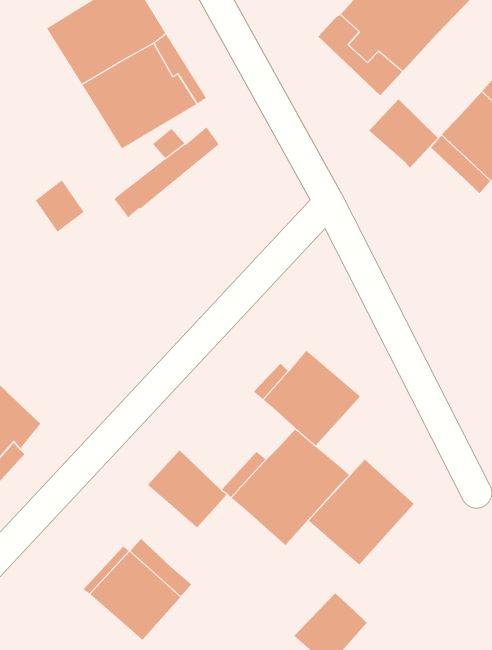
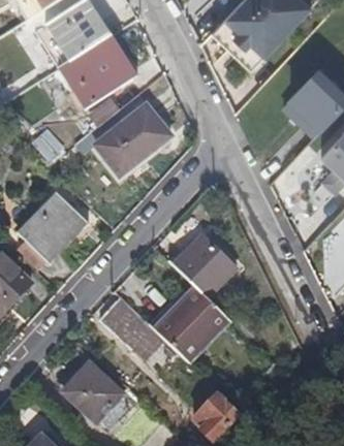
building: [368,99,439,168] -> none
building: none -> [95,105,170,177]
building: none -> [14,192,88,264]
building: [308,459,414,566] -> none

